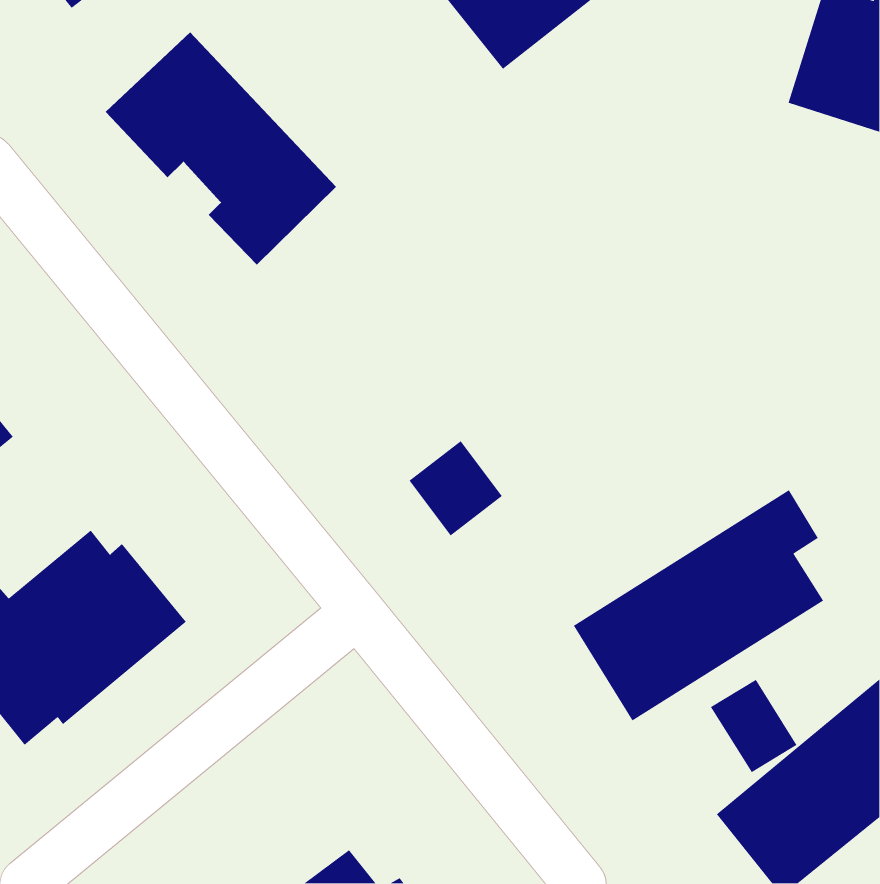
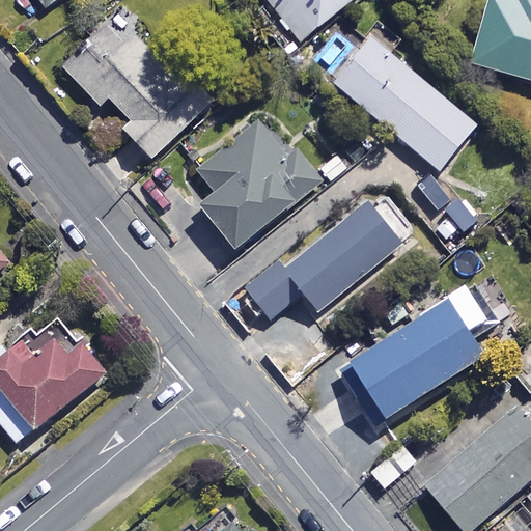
building: none -> [324,25,476,171]
building: none -> [196,117,323,251]
building: none -> [282,199,401,310]
building: [710,679,798,773] -> none

